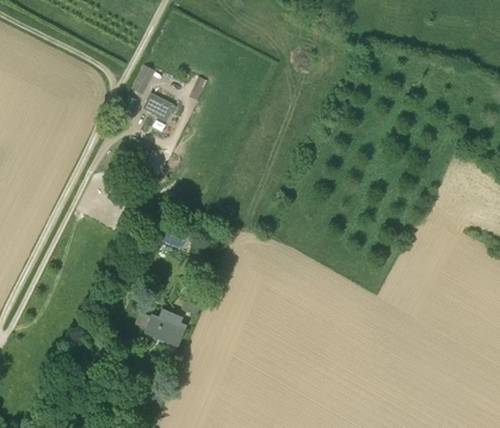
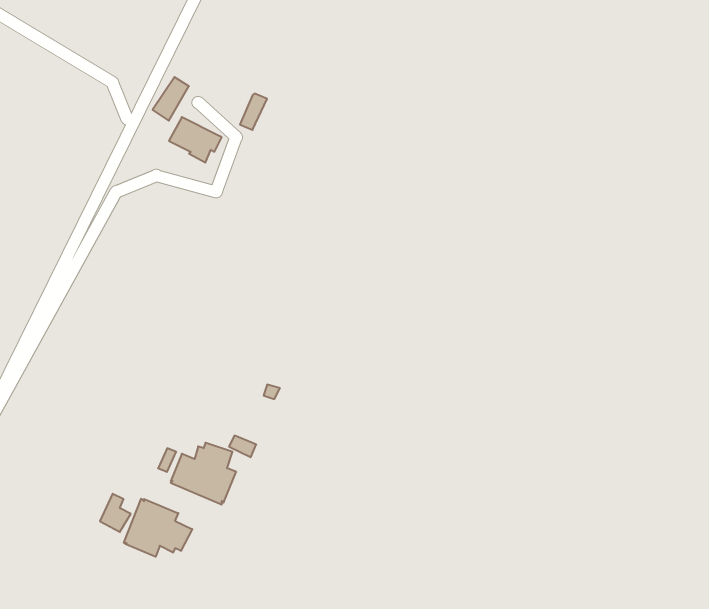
building: none -> [124,499,192,557]

